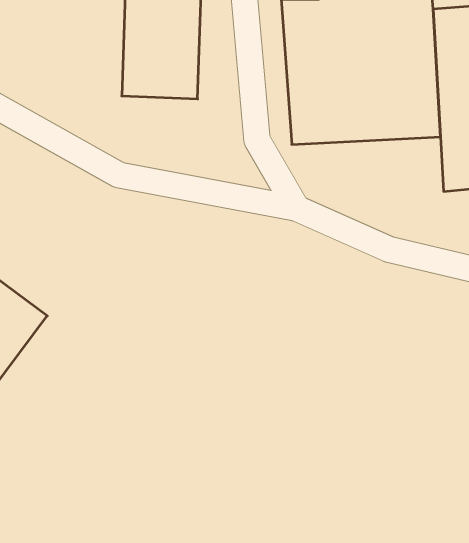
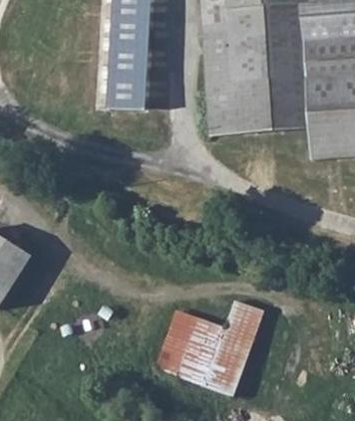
building: none -> [156,296,263,391]

